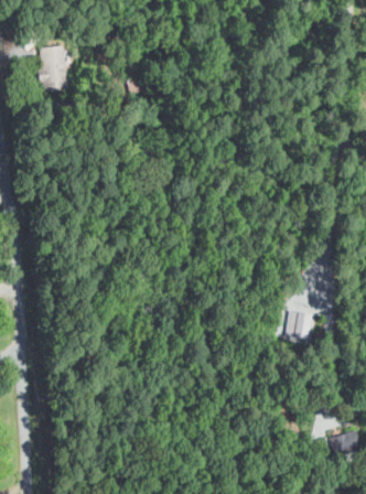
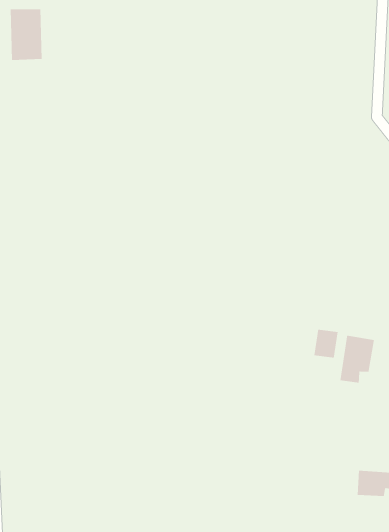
building: none -> [340,335,375,383]

